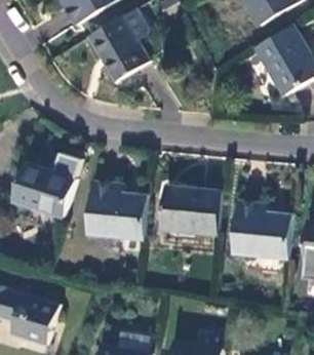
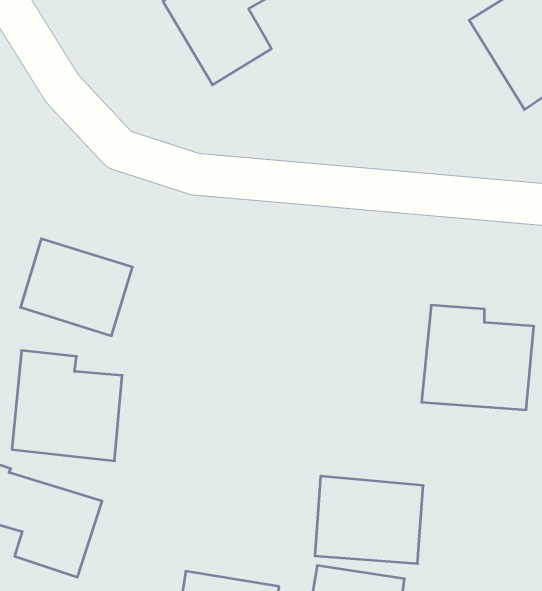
building: [85,181,145,240] -> [12,351,122,461]
building: [159,187,218,234] -> [315,476,423,564]

